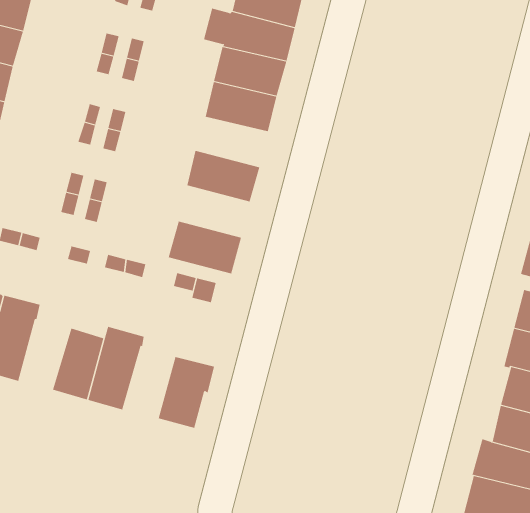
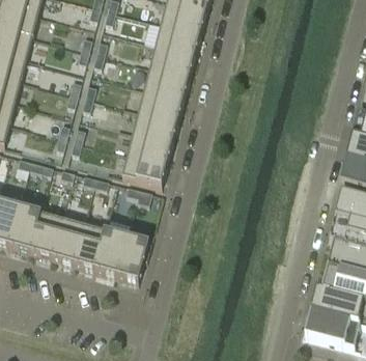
building: none -> [138,89,184,120]
building: none -> [128,132,172,164]
building: none -> [29,215,61,258]
building: none -> [93,217,130,276]

